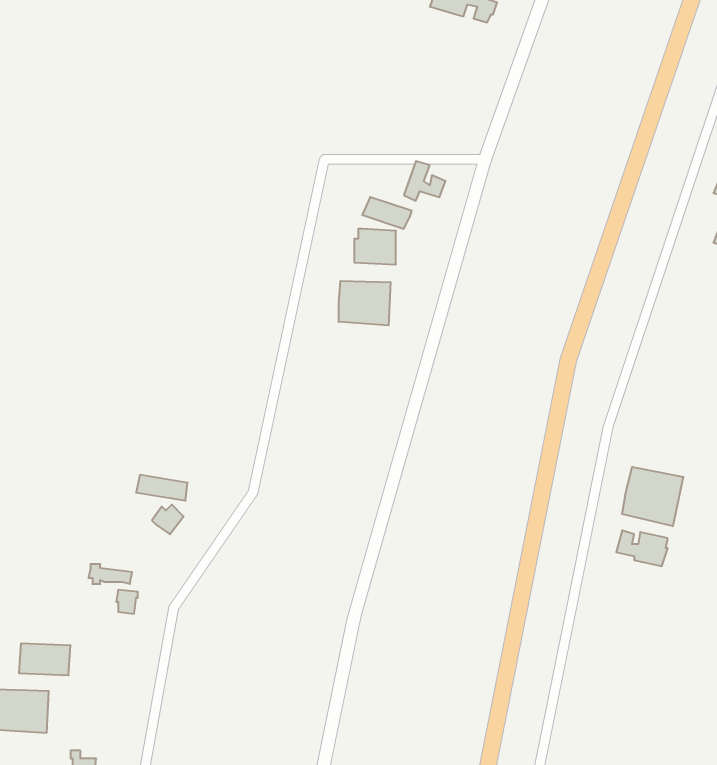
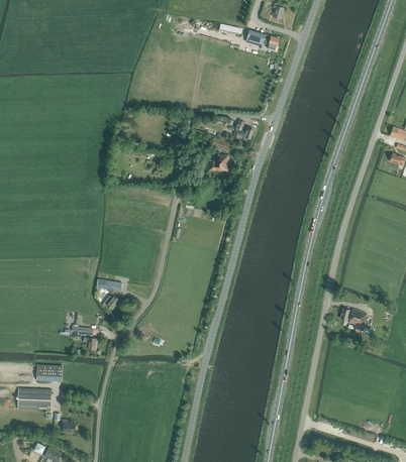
building: [339,281,390,325] -> none
building: [622,467,683,526] -> none

